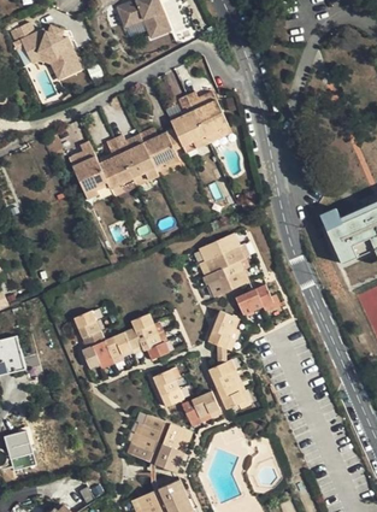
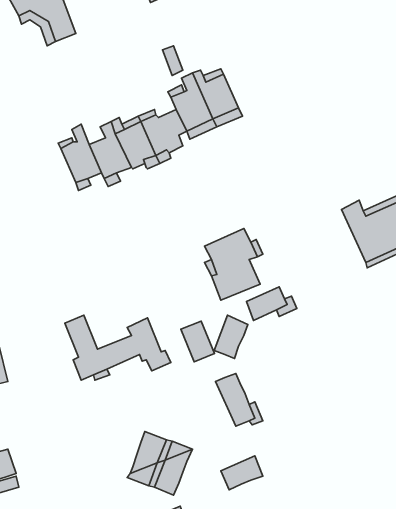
building: [152,370,182,406] -> [181,321,215,362]
building: [181,392,218,422] -> [221,456,263,490]

